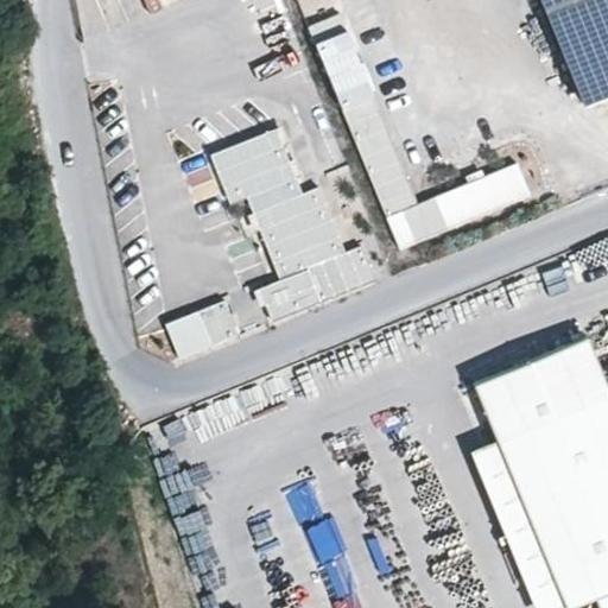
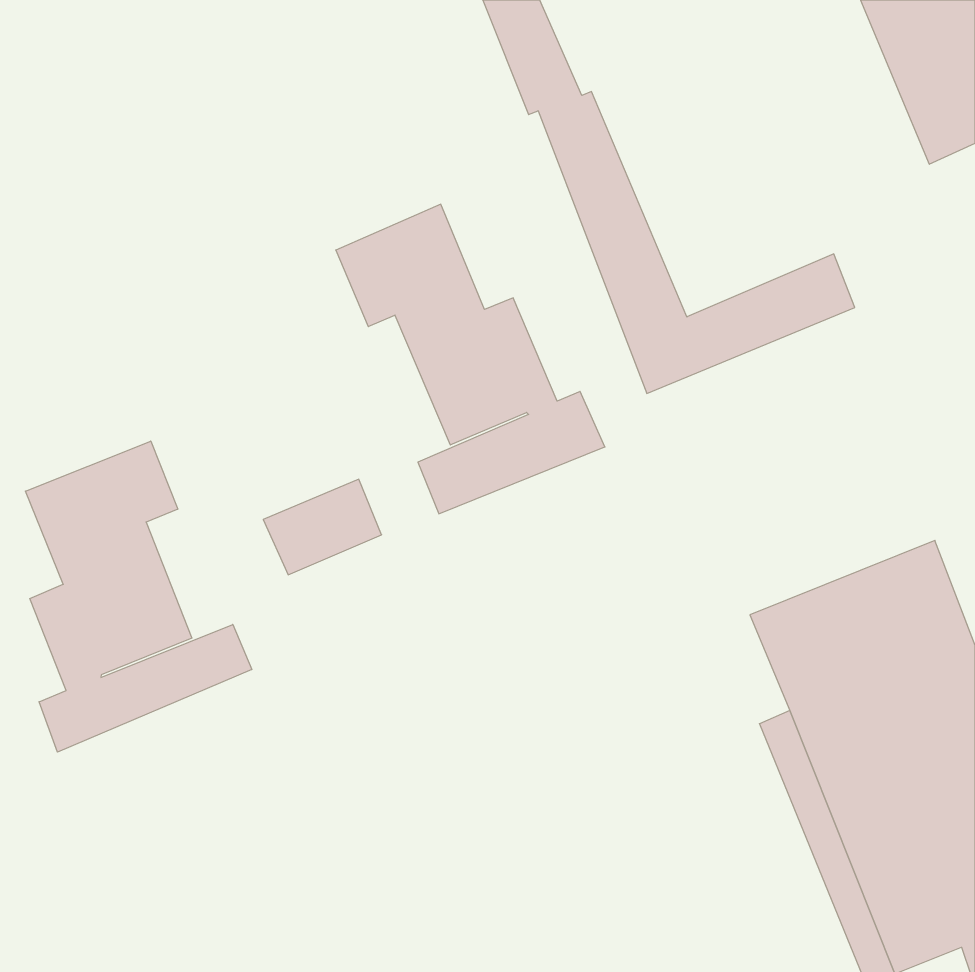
building: none -> [25,441,252,752]

